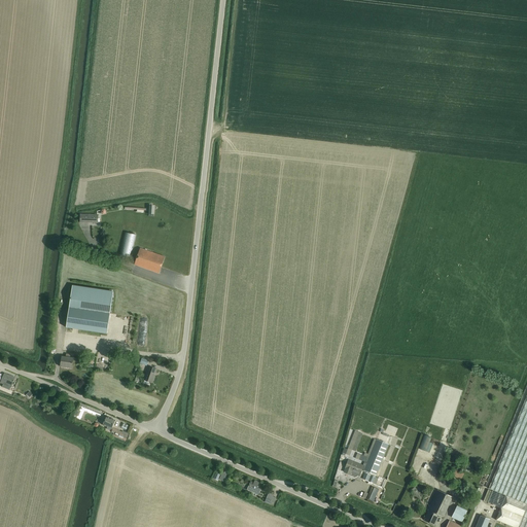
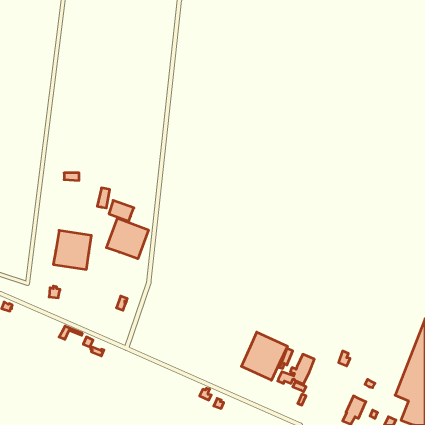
building: none -> [106,218,148,259]
building: none -> [241,332,287,380]

